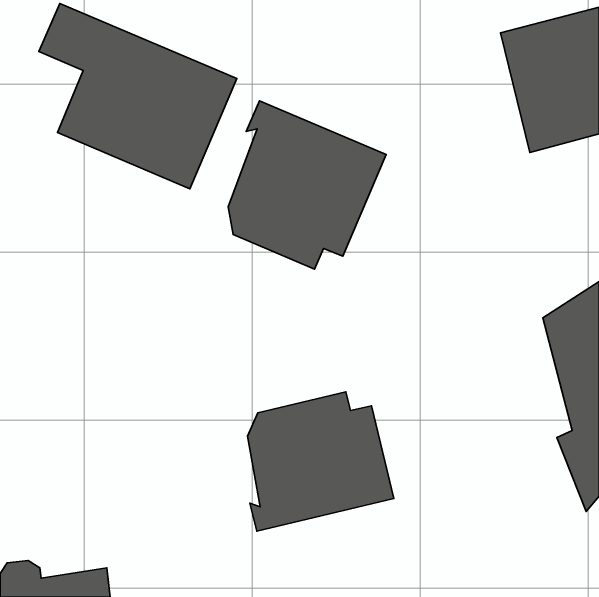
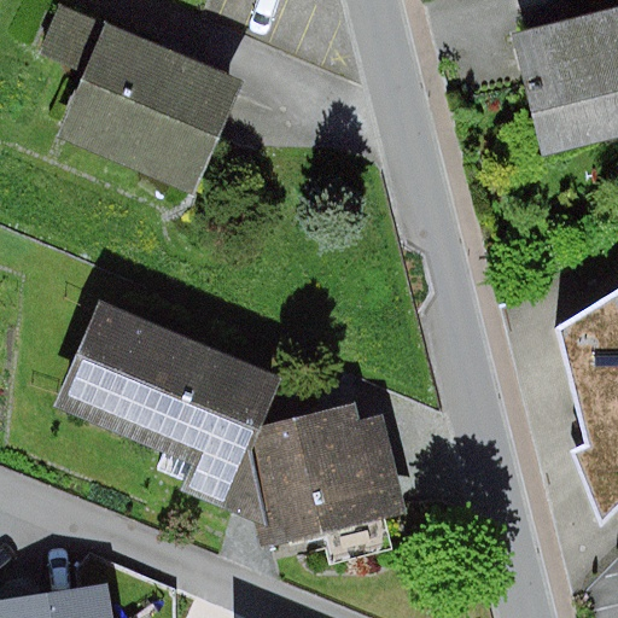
building: [228,101,386,269] -> none
building: none -> [59,303,285,521]

